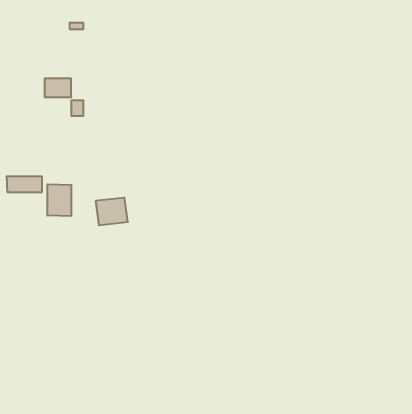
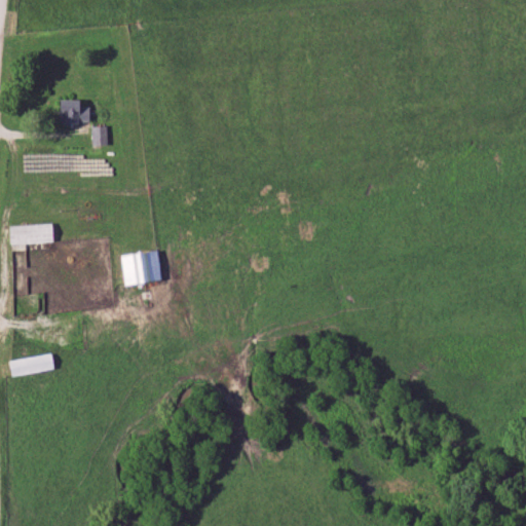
building: [47,184,71,216] -> none
building: none -> [8,353,54,376]

